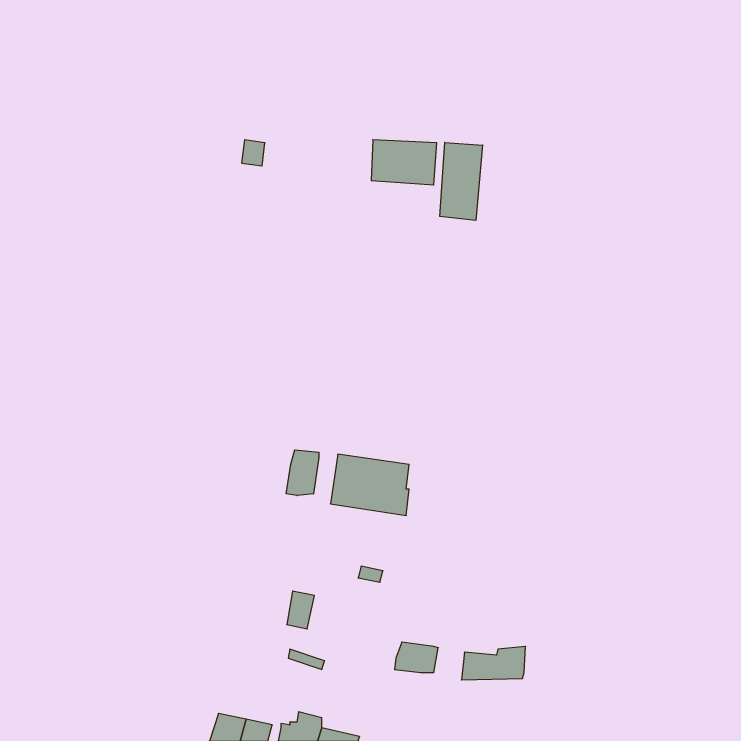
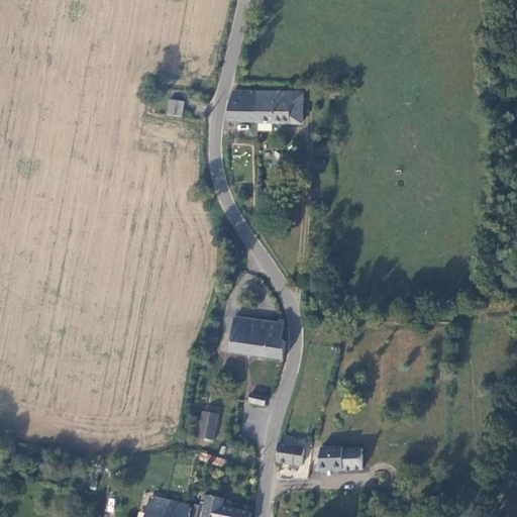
building: none -> [227,95,258,125]
building: [440,142,483,220] -> none
building: [286,450,319,496] -> none

